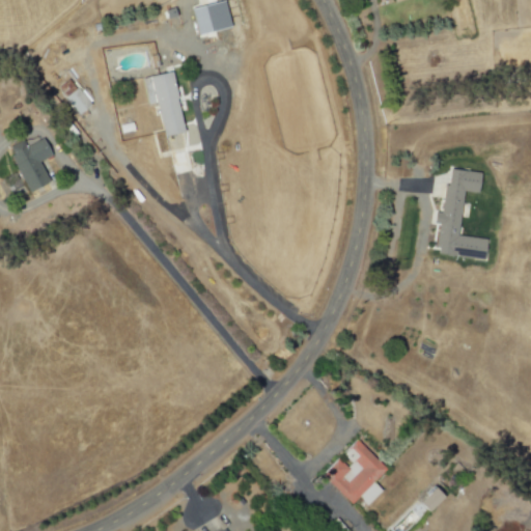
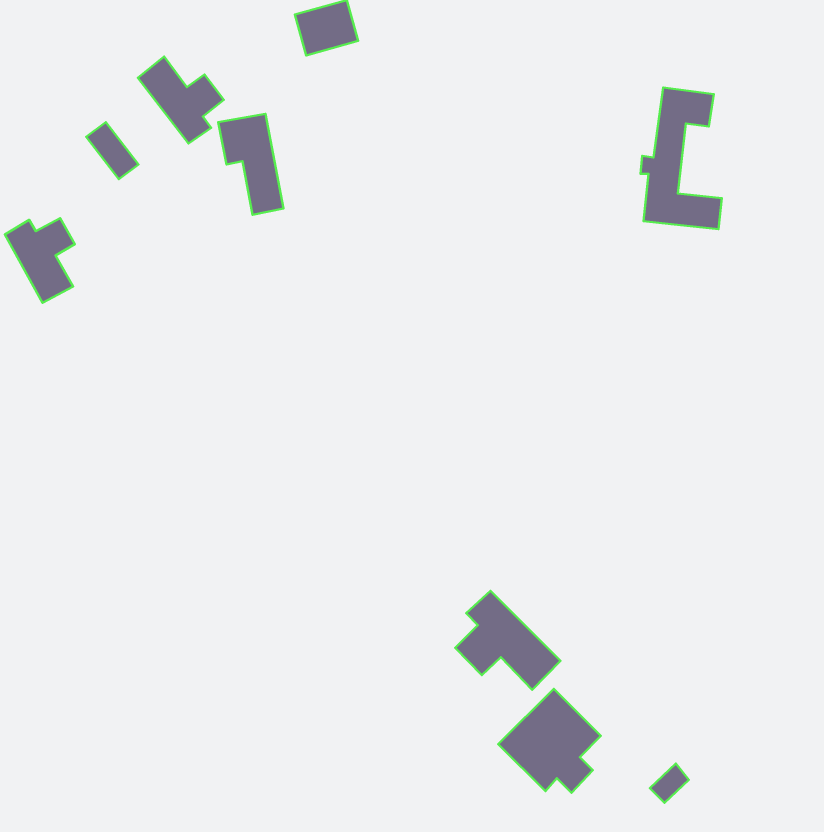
building: none -> [138,57,224,144]
building: [436,168,487,258] -> [640,88,722,229]
building: none -> [455,591,560,690]

